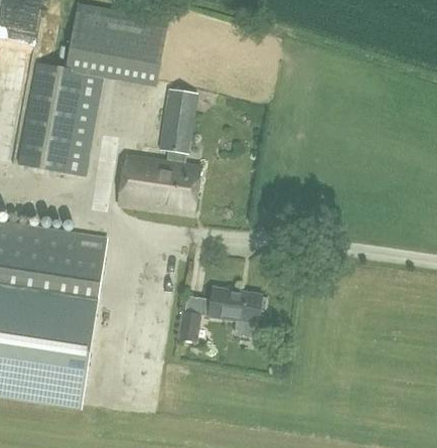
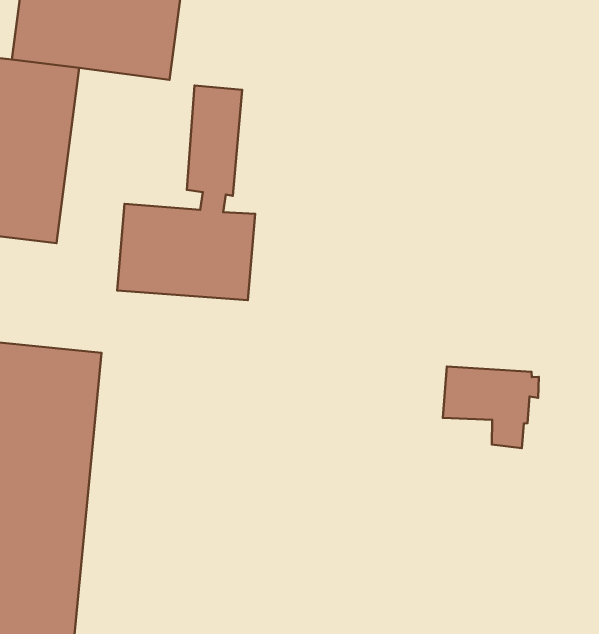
building: [208,287,265,336] -> [443,366,539,448]
building: [178,310,200,340] -> none

